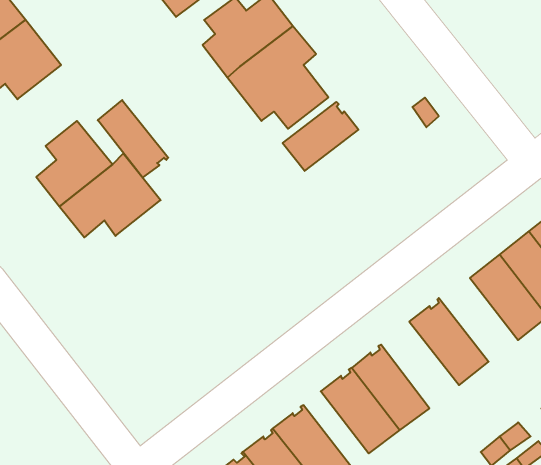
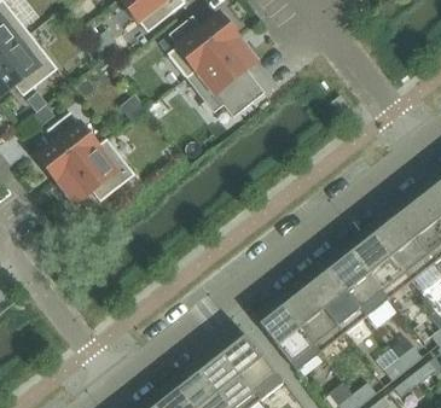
building: [98,100,168,177] -> none
building: [283,102,358,171] -> none
building: none -> [350,233,412,298]
building: none -> [306,267,366,334]

